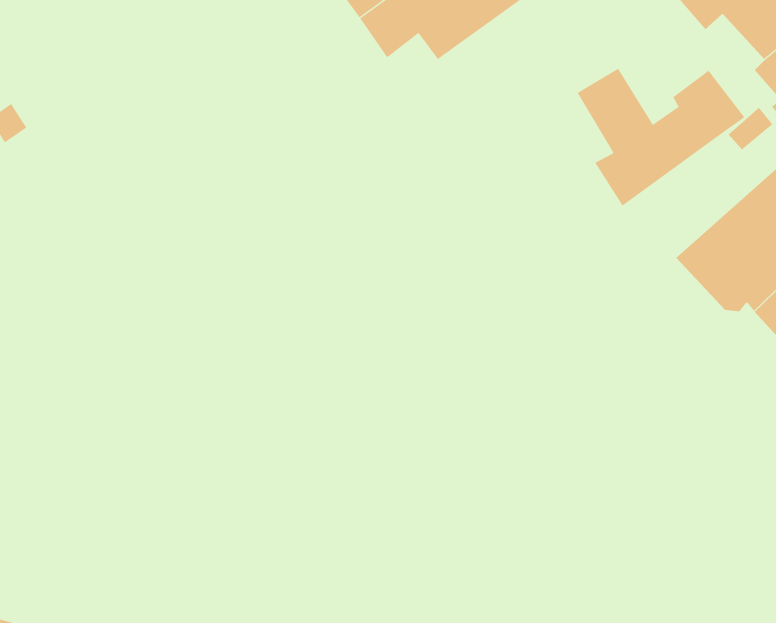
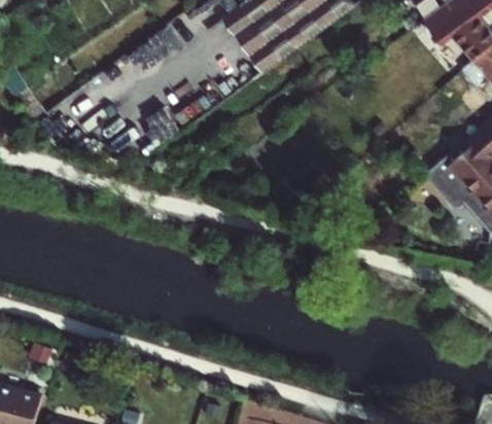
building: [577,68,745,206] -> none

